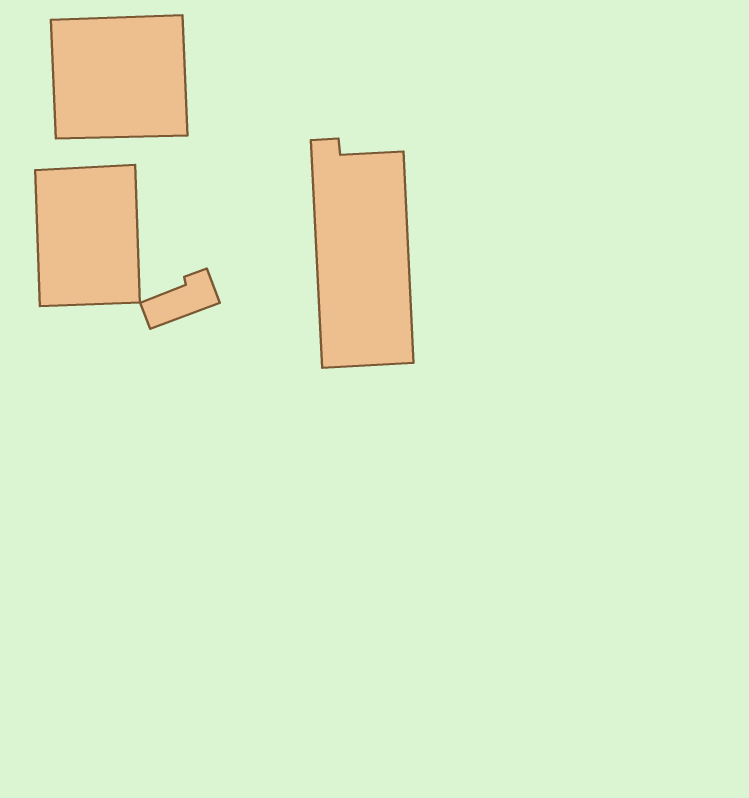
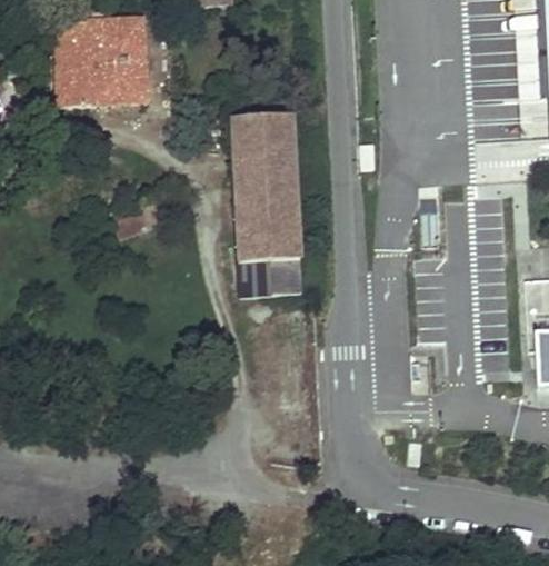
building: [35,165,140,306] -> none
building: none -> [240,257,303,292]

